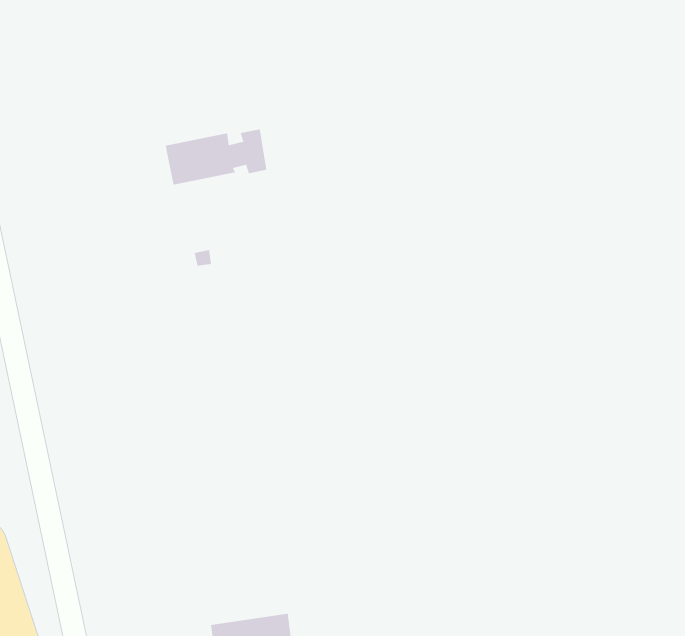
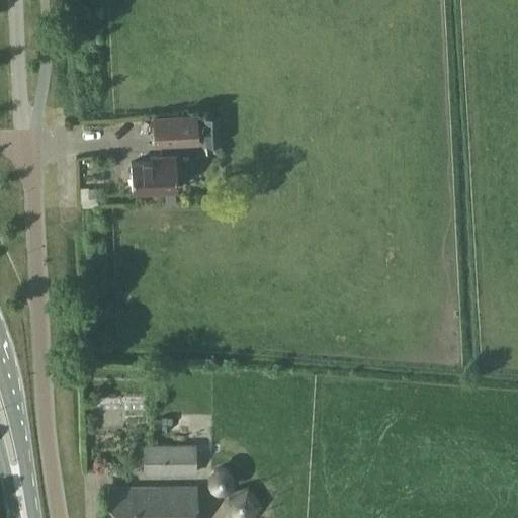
building: none -> [132,157,177,190]

